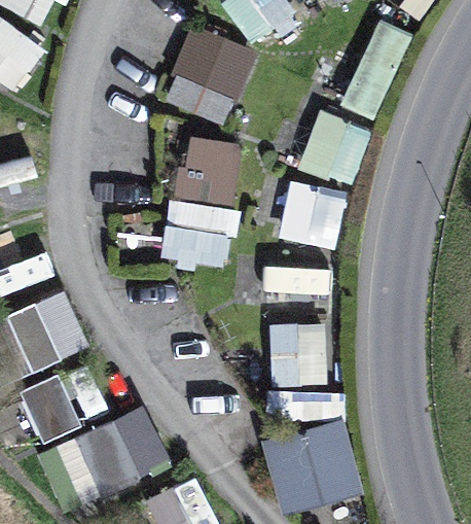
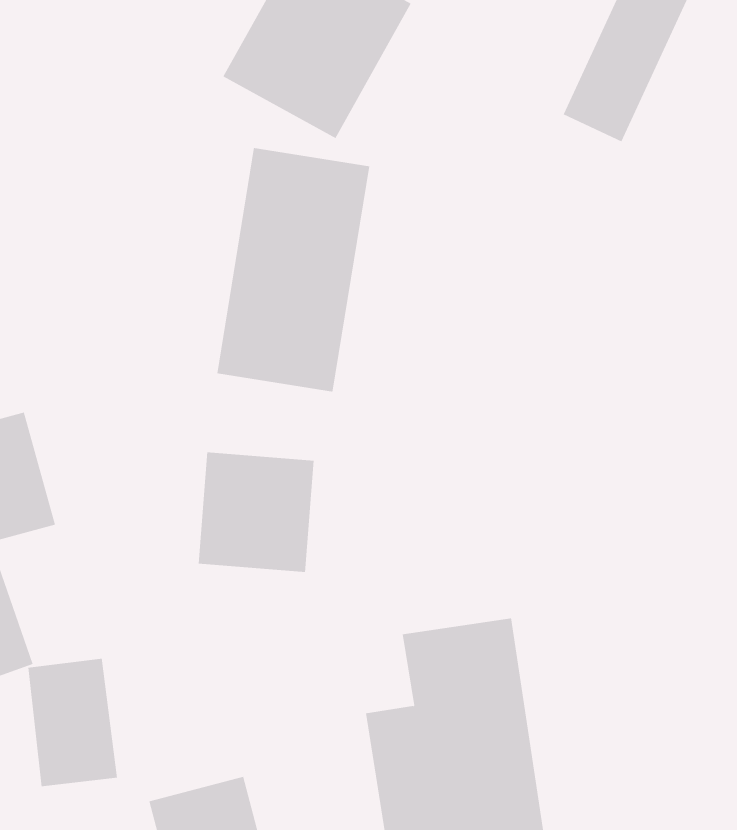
building: [298,112,370,188] -> none
building: [278,178,348,250] -> none
building: [269,324,328,385] -> [198,452,315,572]

